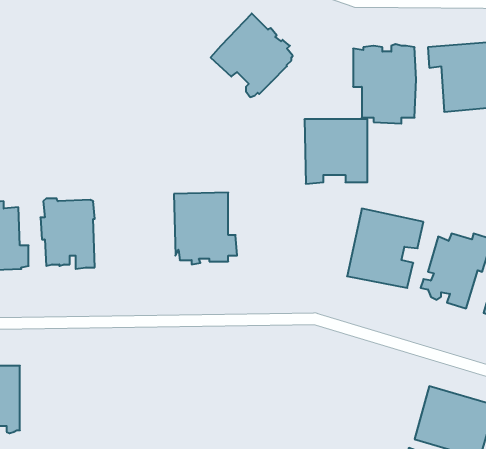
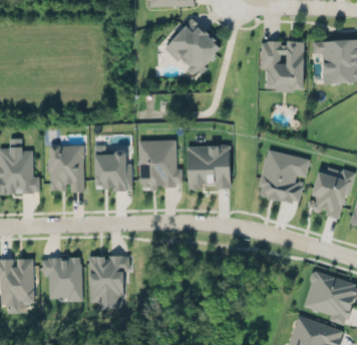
building: [304,119,367,184] -> [187,147,230,192]
building: none -> [93,144,127,191]
building: none -> [88,256,128,309]
building: none -> [42,260,81,303]

